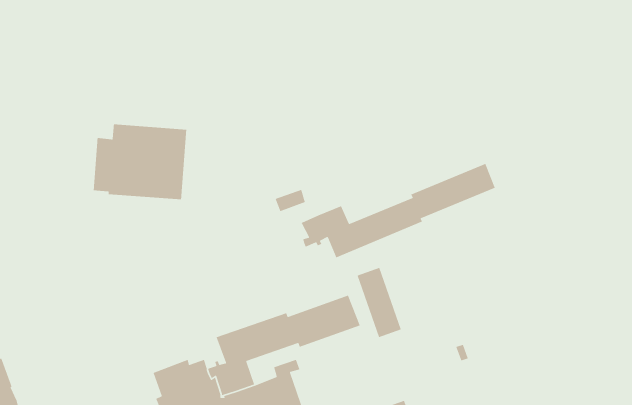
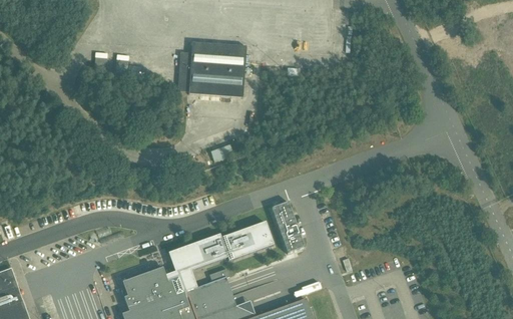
building: [93,124,187,200] -> [176,41,245,97]
building: [299,163,496,259] -> none

